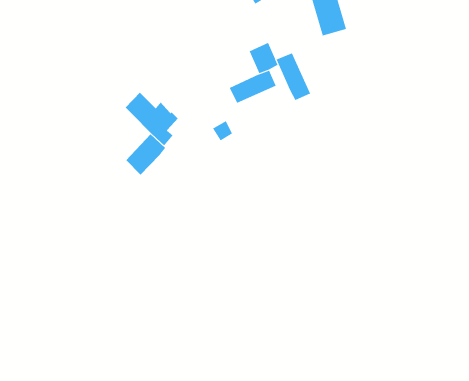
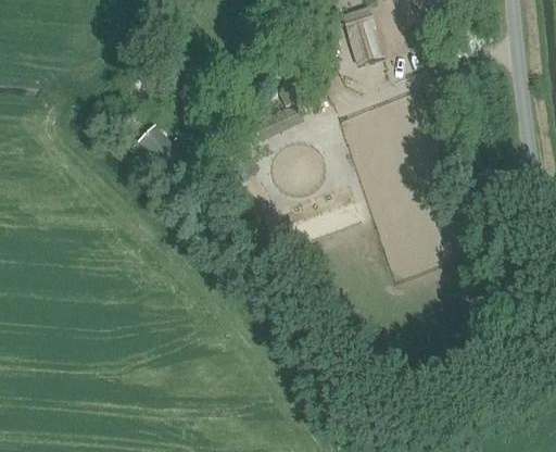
building: [276,53,311,101] -> none
building: [125,134,166,175] -> none

